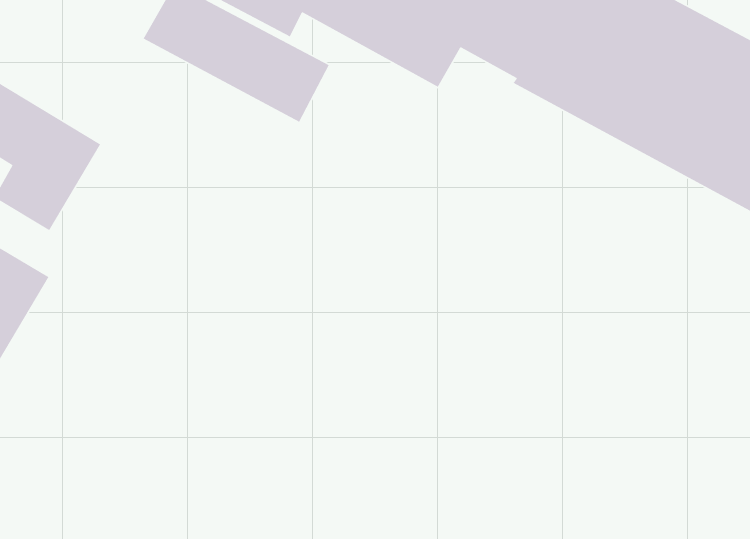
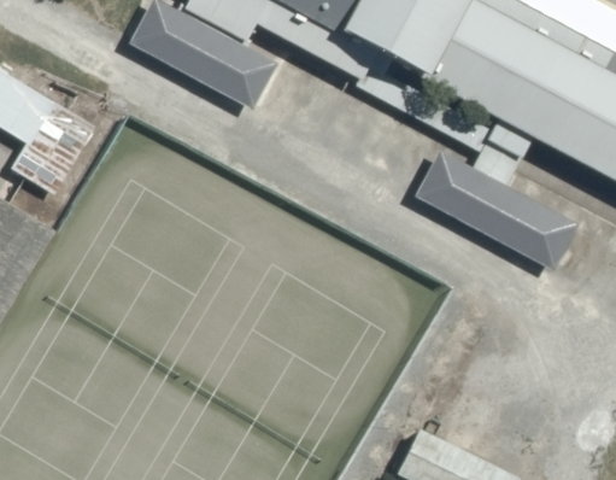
building: none -> [415,148,579,269]

